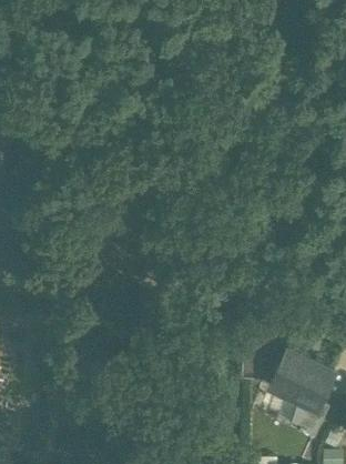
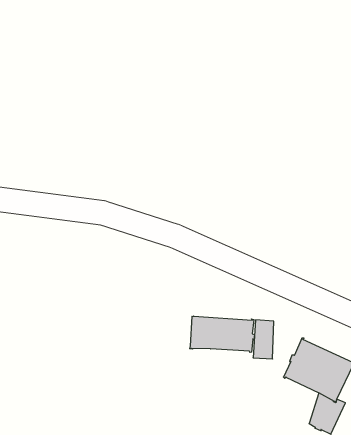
building: none -> [190,316,255,352]

